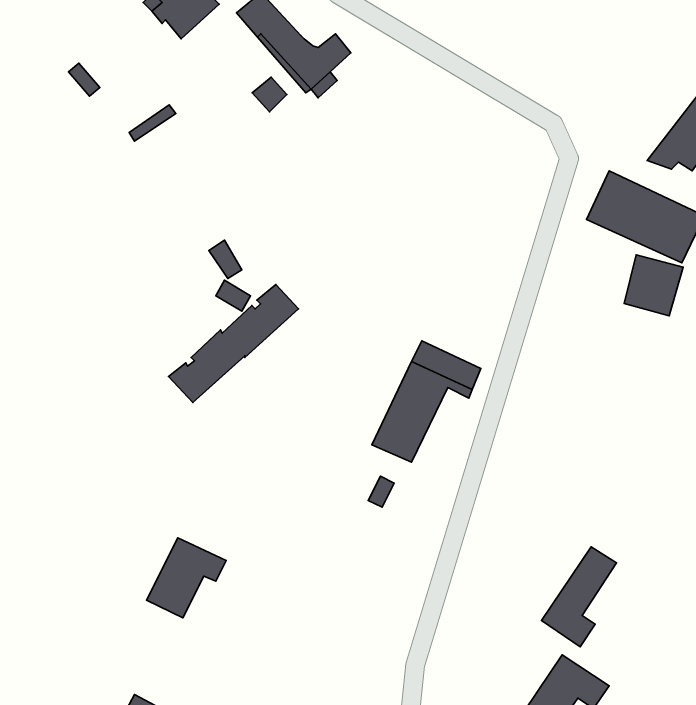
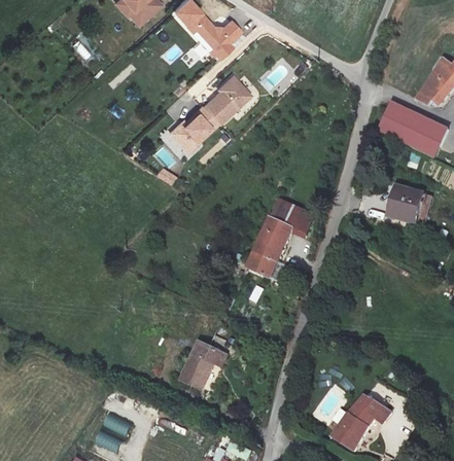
building: [624,255,683,316] -> [391,189,426,225]
building: [169,285,298,403] -> [169,78,246,148]
building: [147,538,226,618] -> [182,343,230,390]
building: [541,547,616,647] -> none

